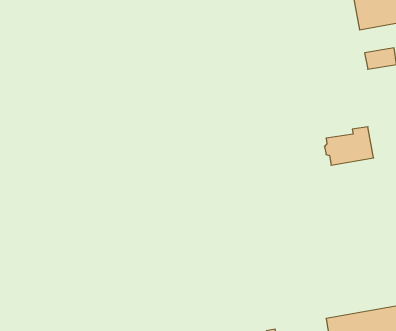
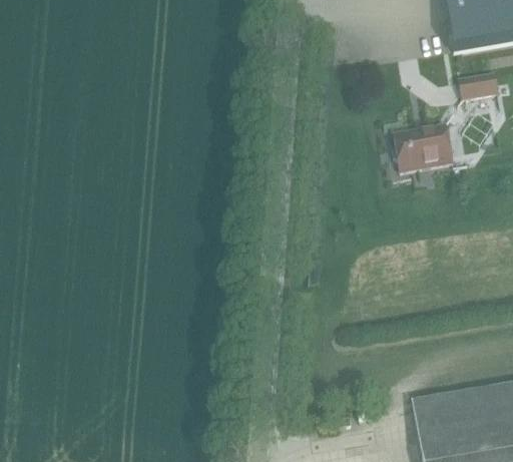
building: [324,127,374,165] -> [395,124,455,171]

